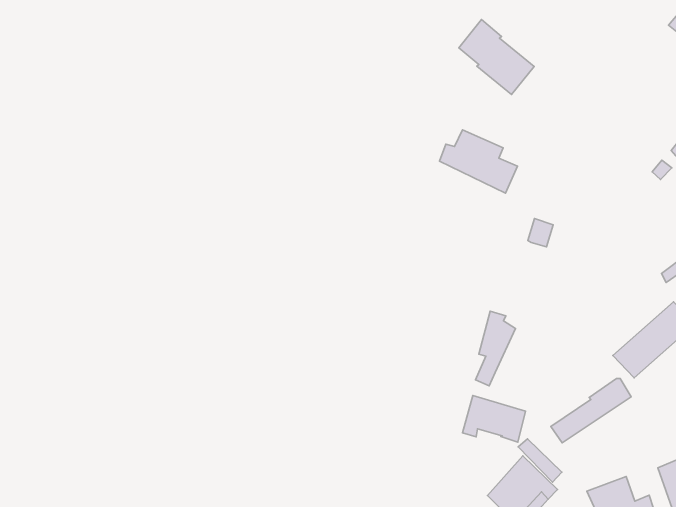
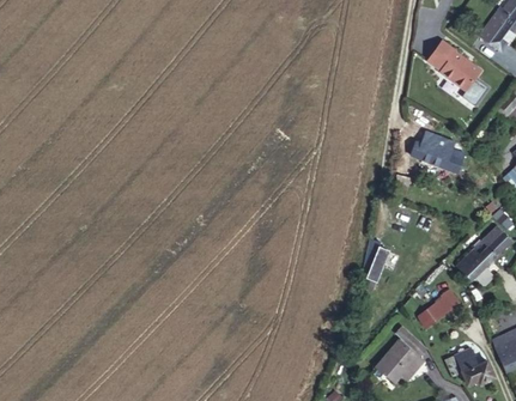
building: [459,20,534,95] -> [427,41,480,91]
building: [440,130,518,193] -> [411,132,465,174]
building: [463,395,525,442] -> none

